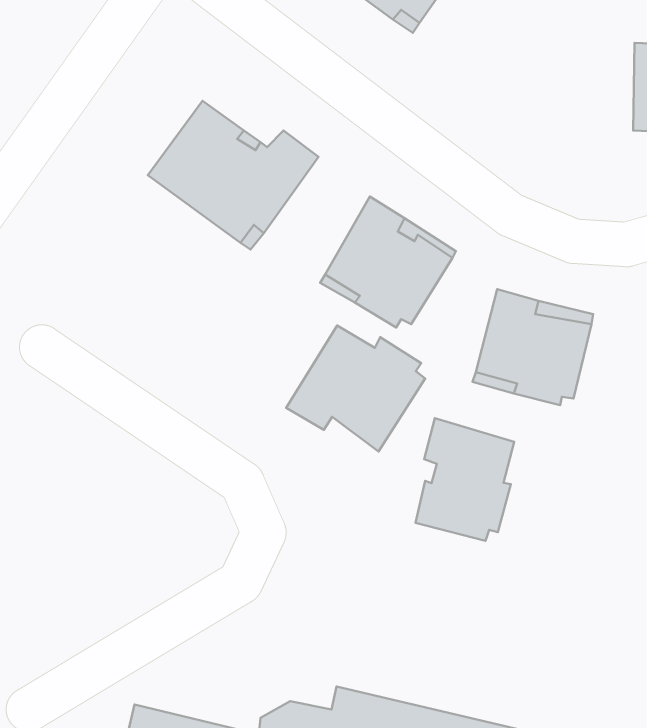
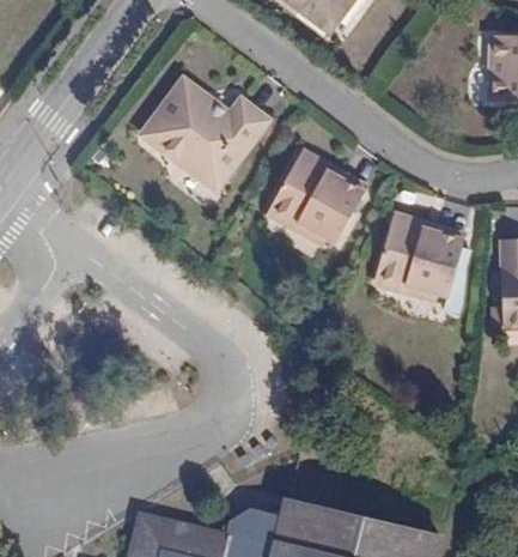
building: [286,326,425,452] -> none
building: [416,418,514,541] -> none

